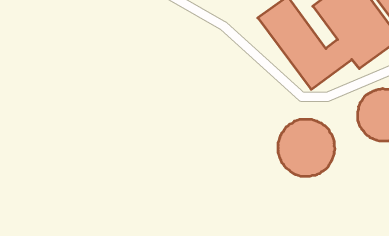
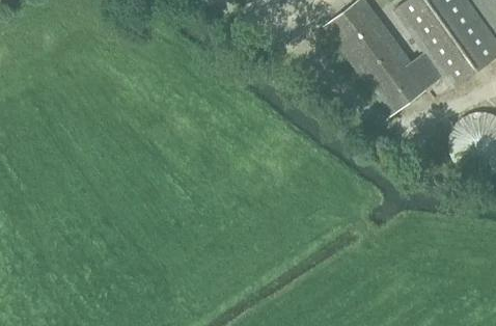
building: [278,119,335,176] -> none

